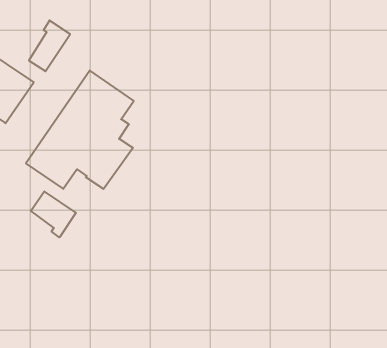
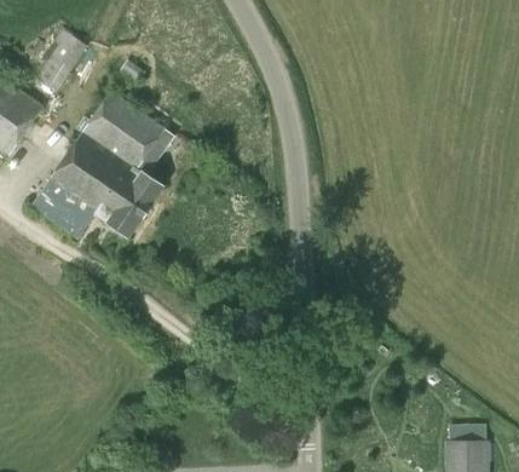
building: [31,191,76,237] -> none

